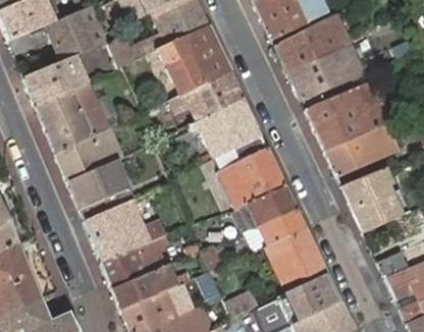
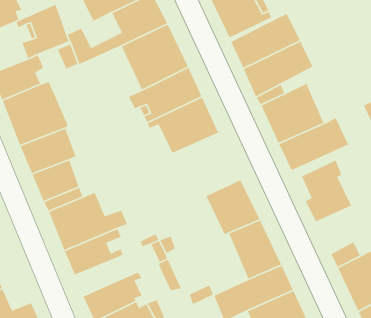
building: [216,139,286,209] -> none
building: [114,267,180,308] -> none

